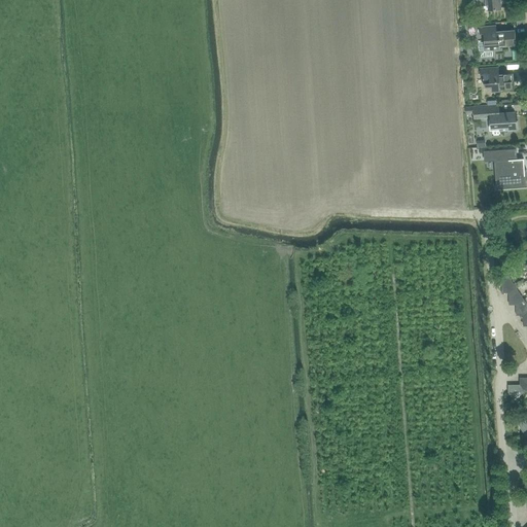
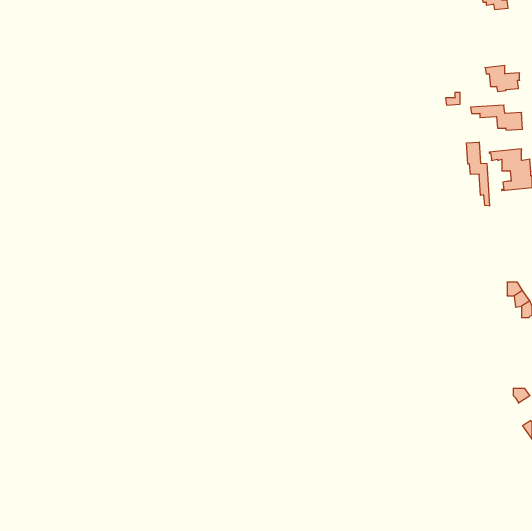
building: [478,24,516,57] -> none
building: none -> [467,142,490,206]

